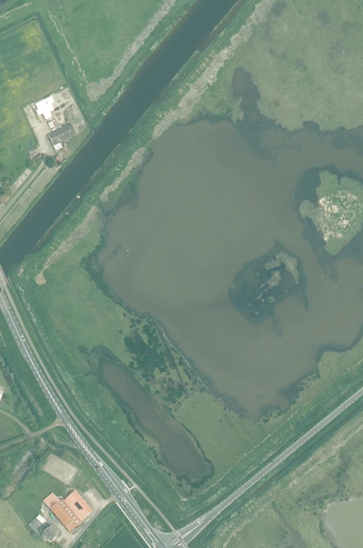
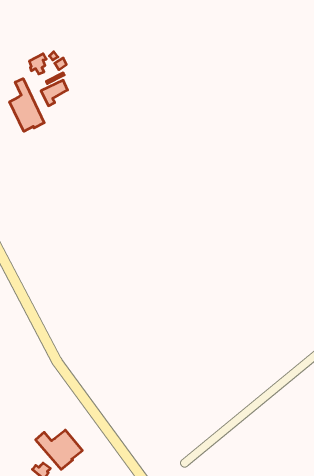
building: none -> [10,79,44,131]

